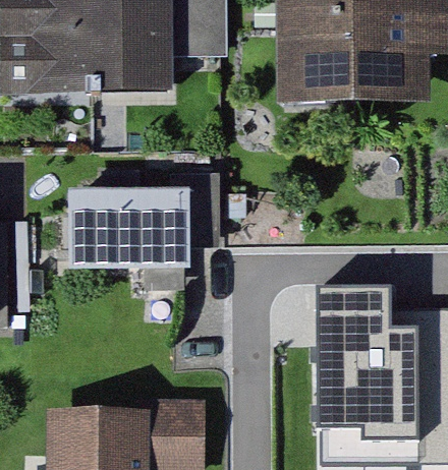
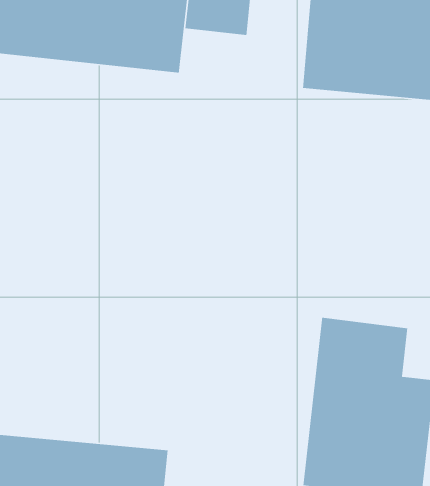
building: [67,185,190,270] -> none

